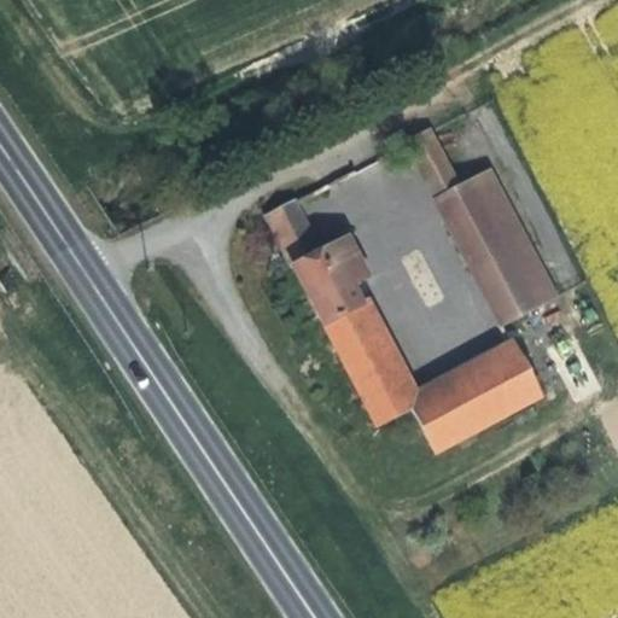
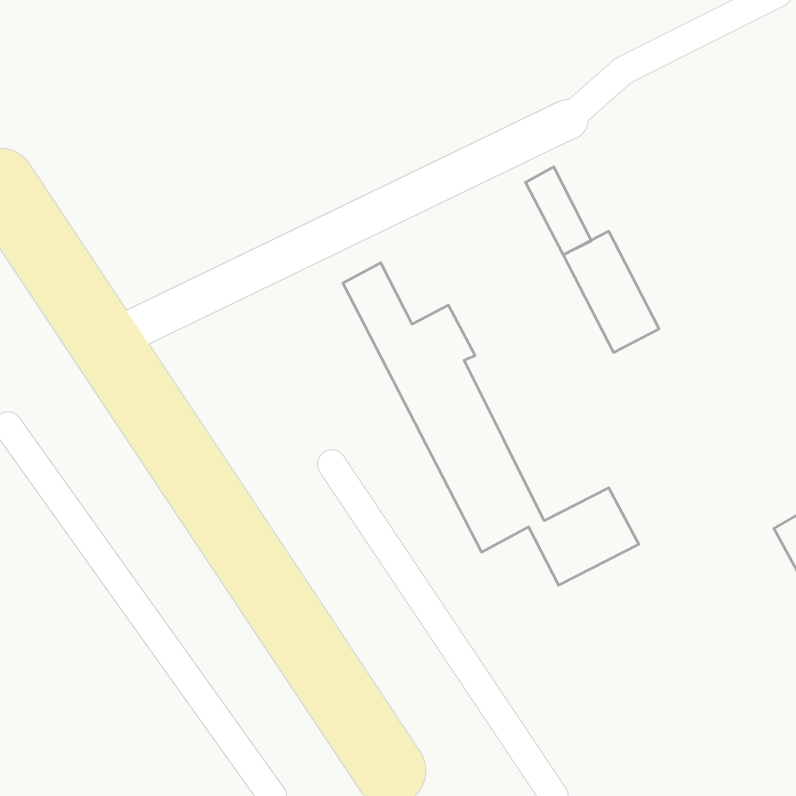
building: [473,168,558,322] -> none
building: [473,351,541,418] -> none

